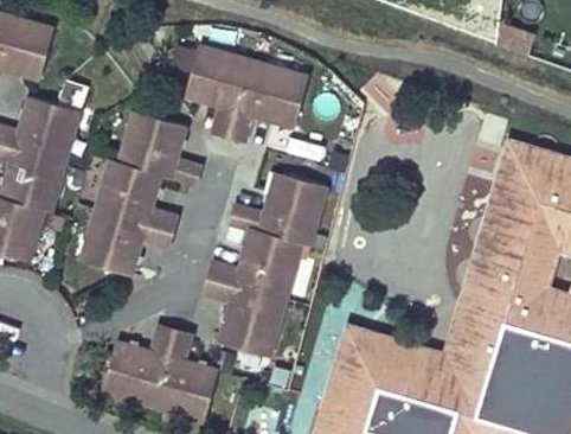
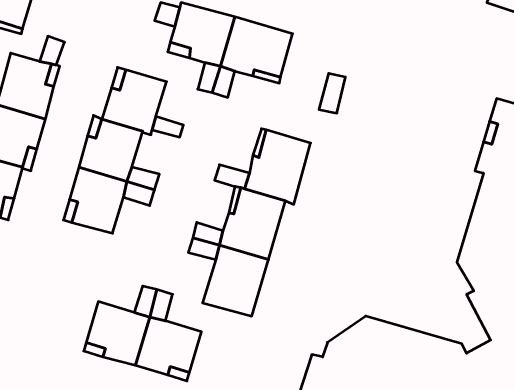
building: [327,211,503,395] -> none

